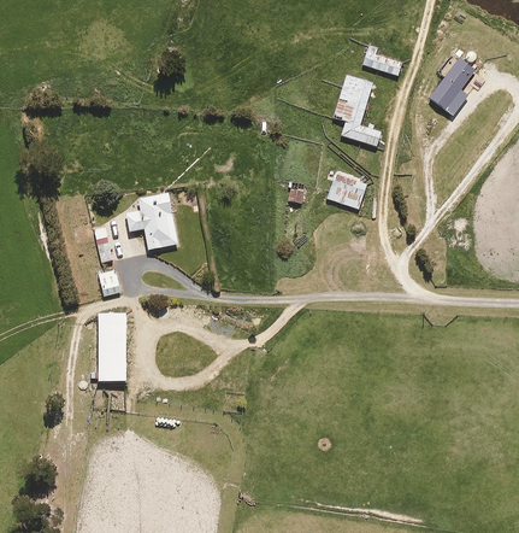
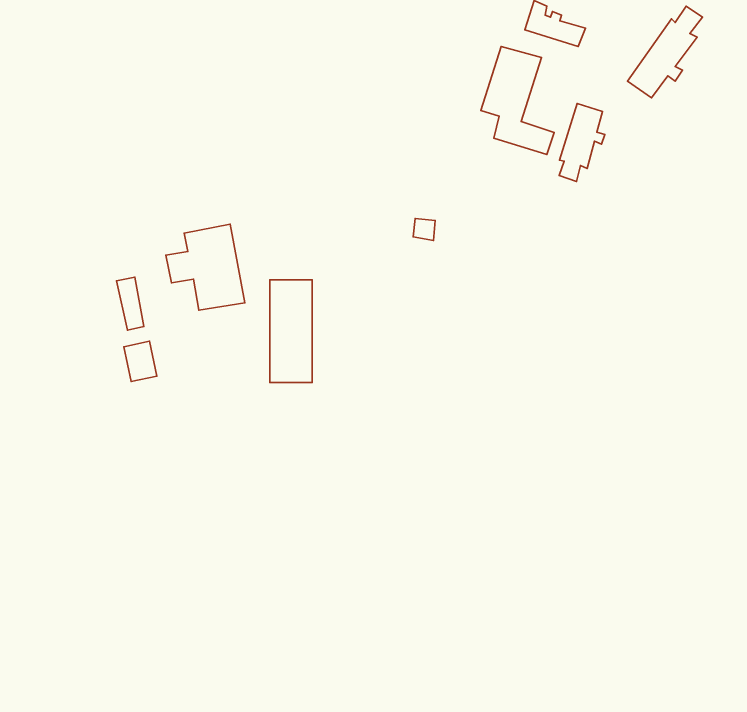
building: none -> [559,103,605,181]
building: [326,174,365,209] -> none
building: [98,312,125,380] -> [270,280,312,382]

